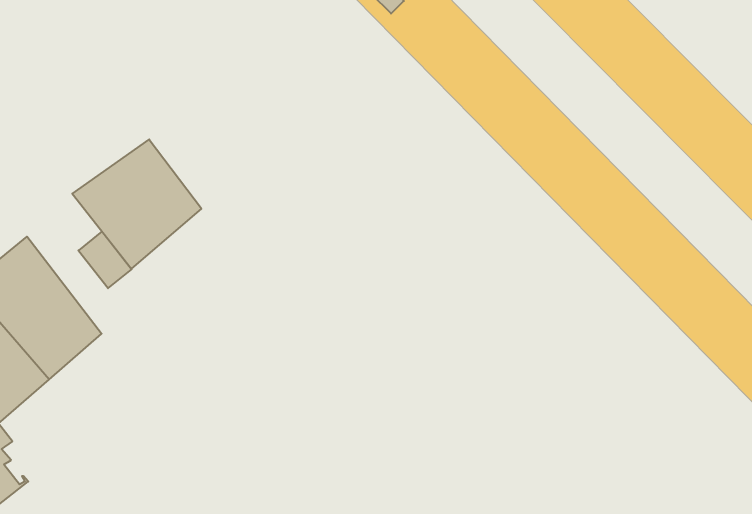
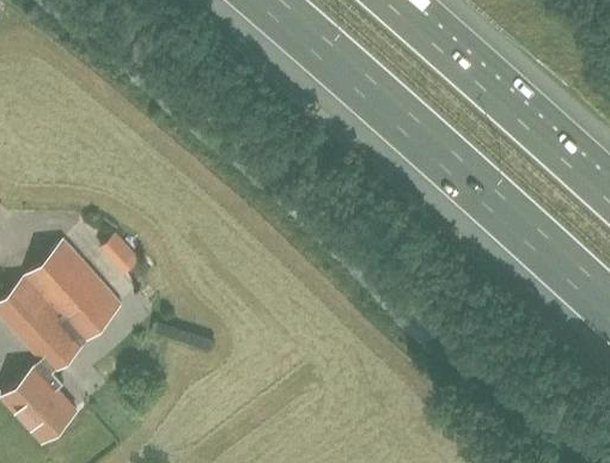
building: [72,139,201,269] -> none

